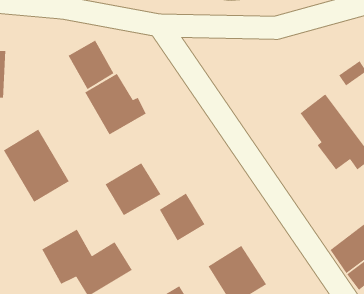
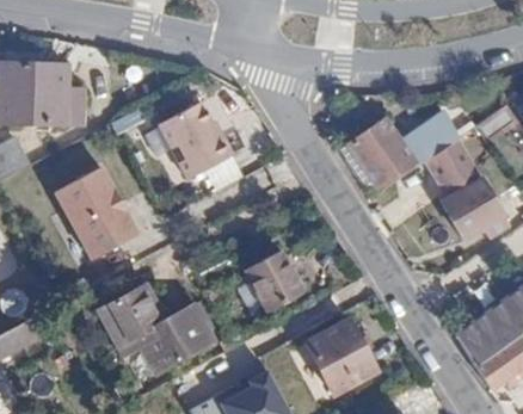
building: [67,39,114,90] -> none
building: none -> [350,118,456,187]
building: [105,162,161,216] -> none

